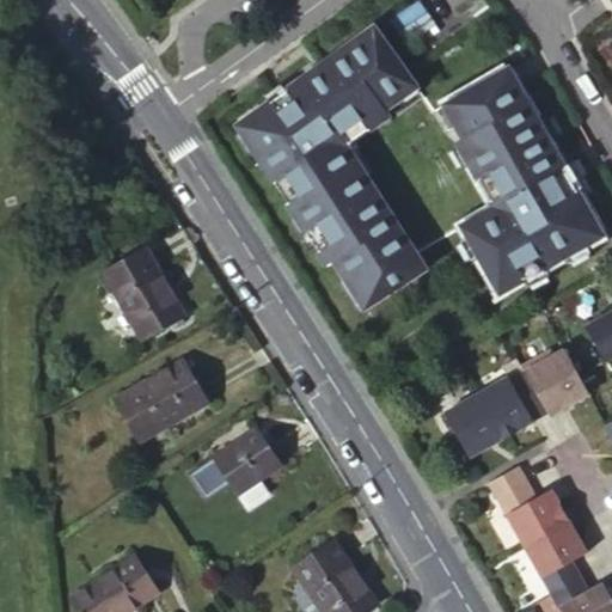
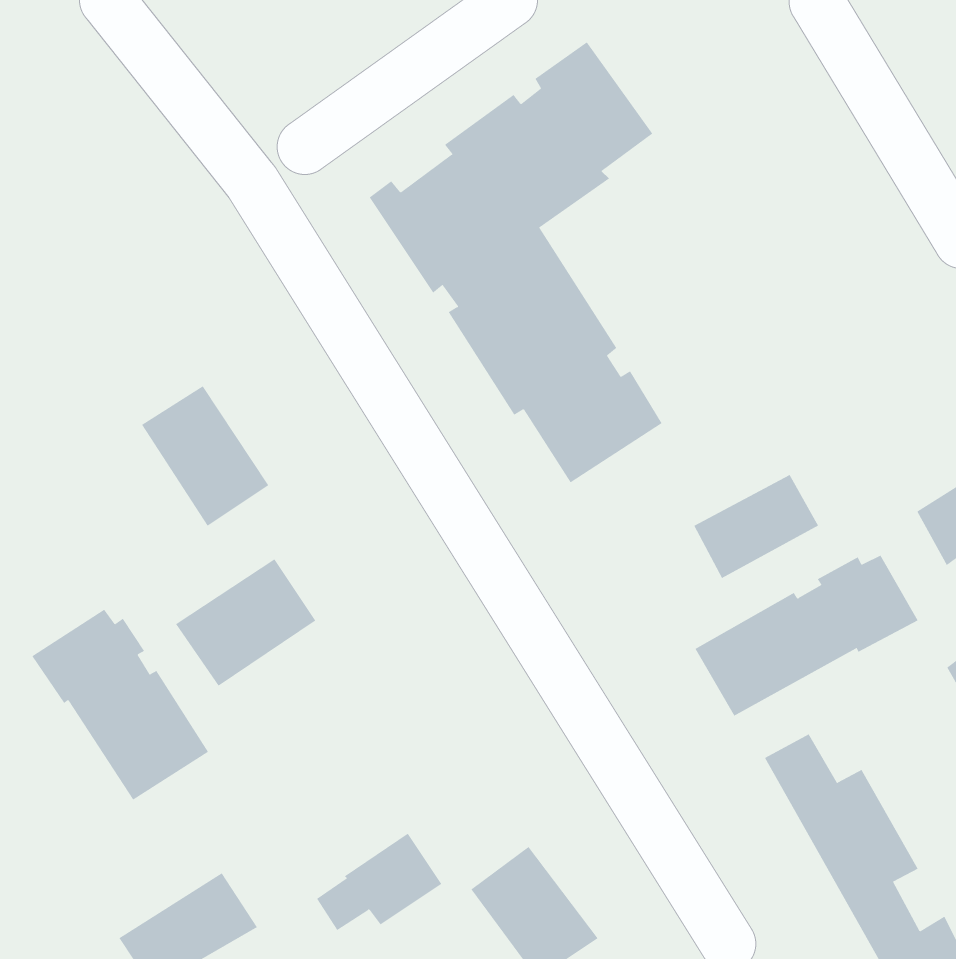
building: [447,69,600,293] -> none
building: none -> [694,474,819,579]
building: none -> [31,609,209,800]
building: [198,422,279,484] -> [316,833,442,931]

